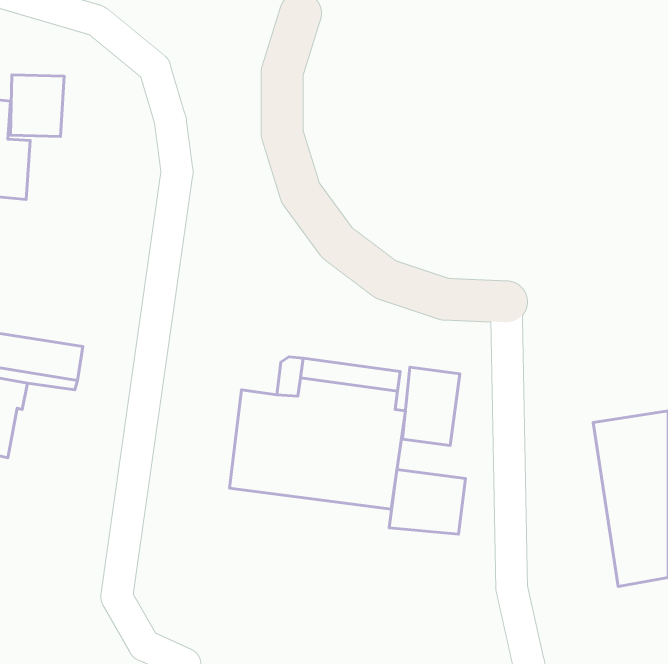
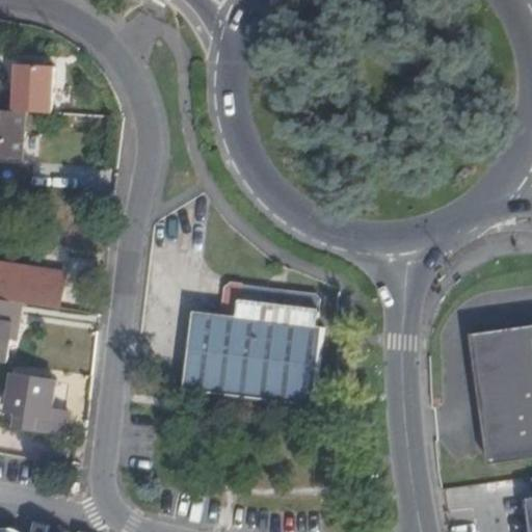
building: [403,367,460,445] -> none
building: [389,469,466,534] -> none
building: none -> [7,374,68,432]

